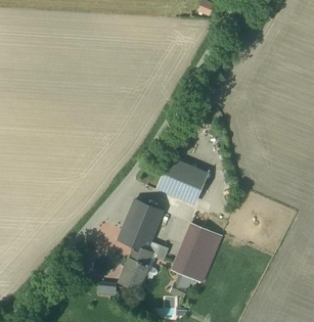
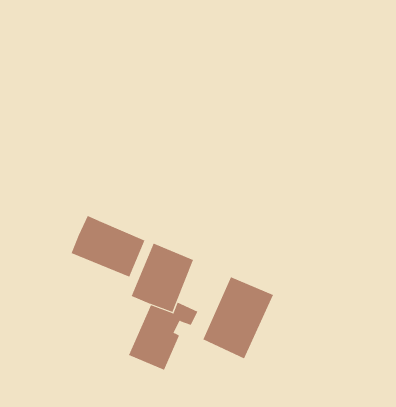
building: [160,157,210,203] -> none
building: none -> [71,215,145,278]

